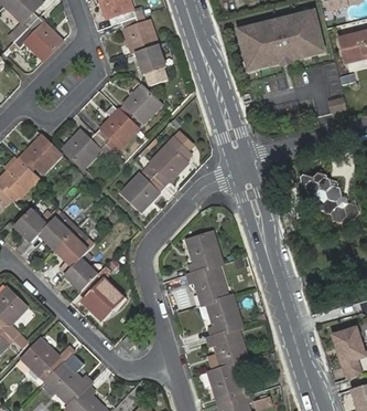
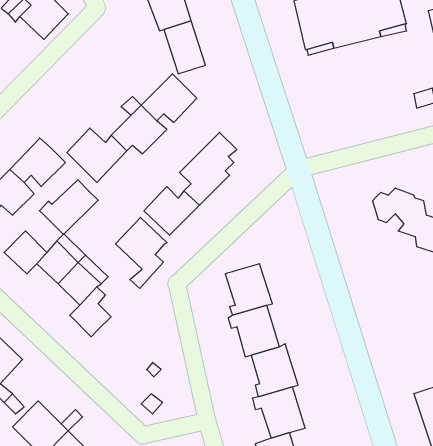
building: none -> [39,180,98,234]
building: none -> [115,217,167,288]
building: [79,274,120,319] -> none

